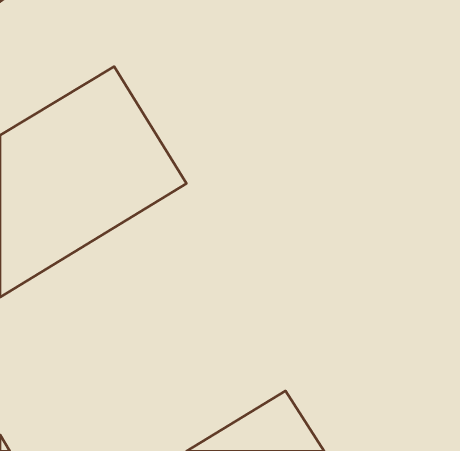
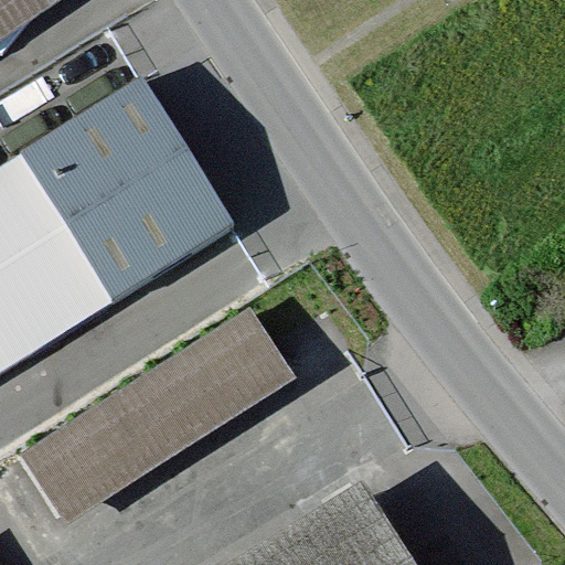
building: none -> [25,313,287,521]

